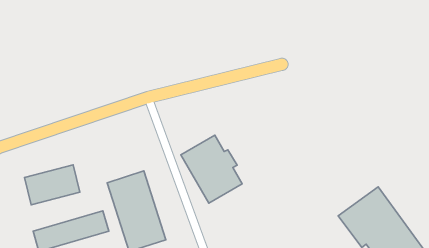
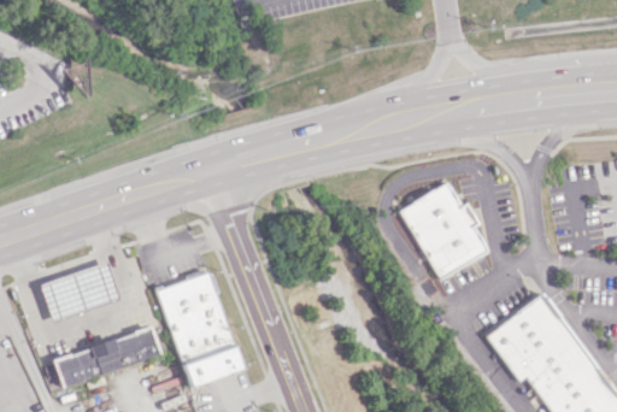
building: [181,135,242,203] -> [399,181,486,277]

